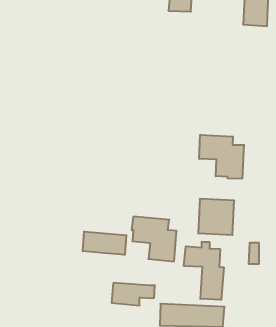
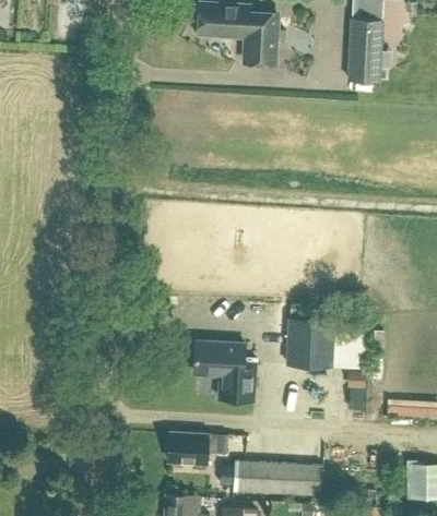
building: [199,135,244,179] -> none
building: [83,231,126,255] -> none
building: [184,242,224,300] -> none

